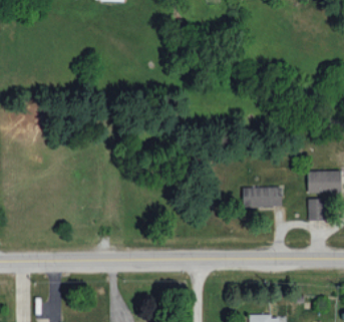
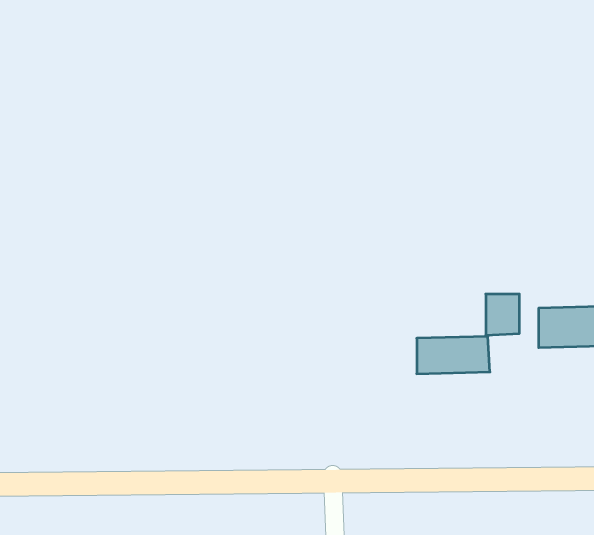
building: [308,199,326,221] -> [486,294,519,335]

